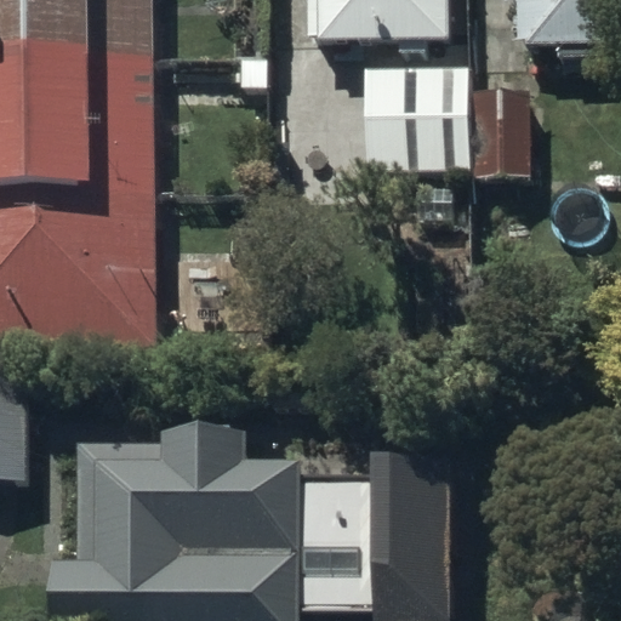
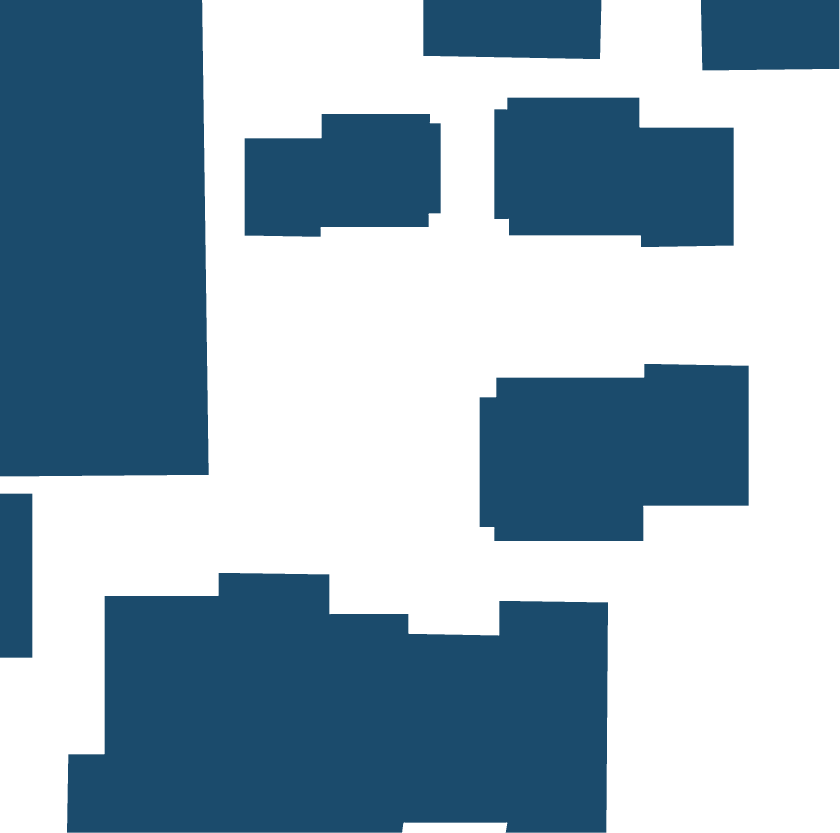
building: none -> [244,113,441,237]
building: none -> [479,363,749,542]

